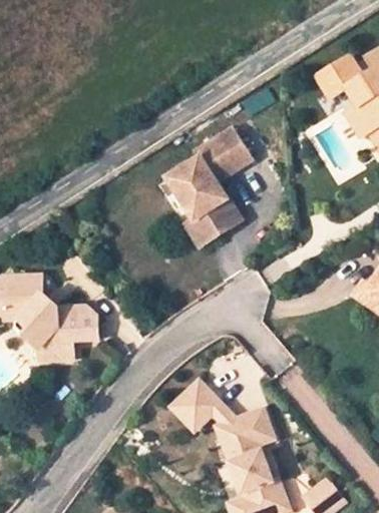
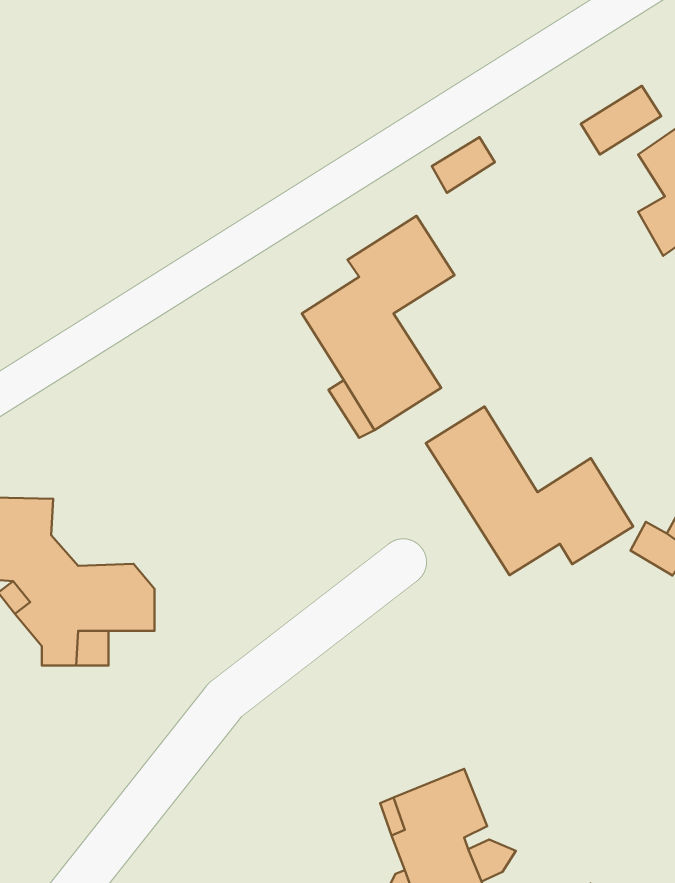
building: none -> [426,406,633,575]
building: [177,383,227,432] -> none

